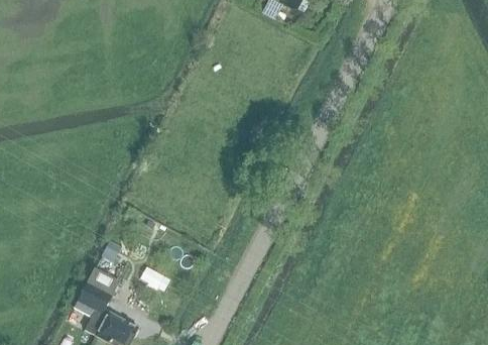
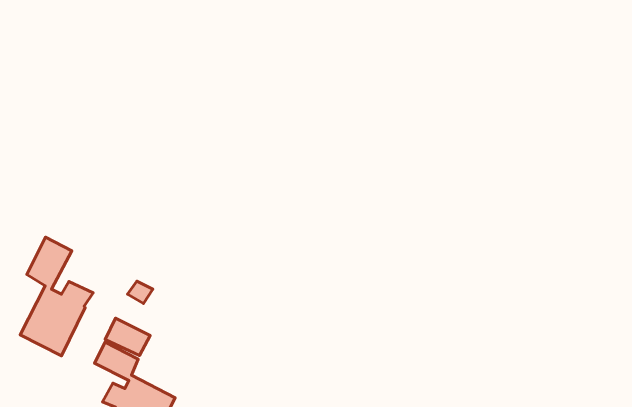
building: none -> [20,237,93,356]

